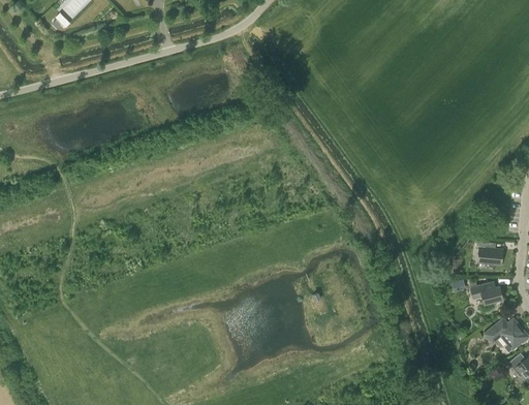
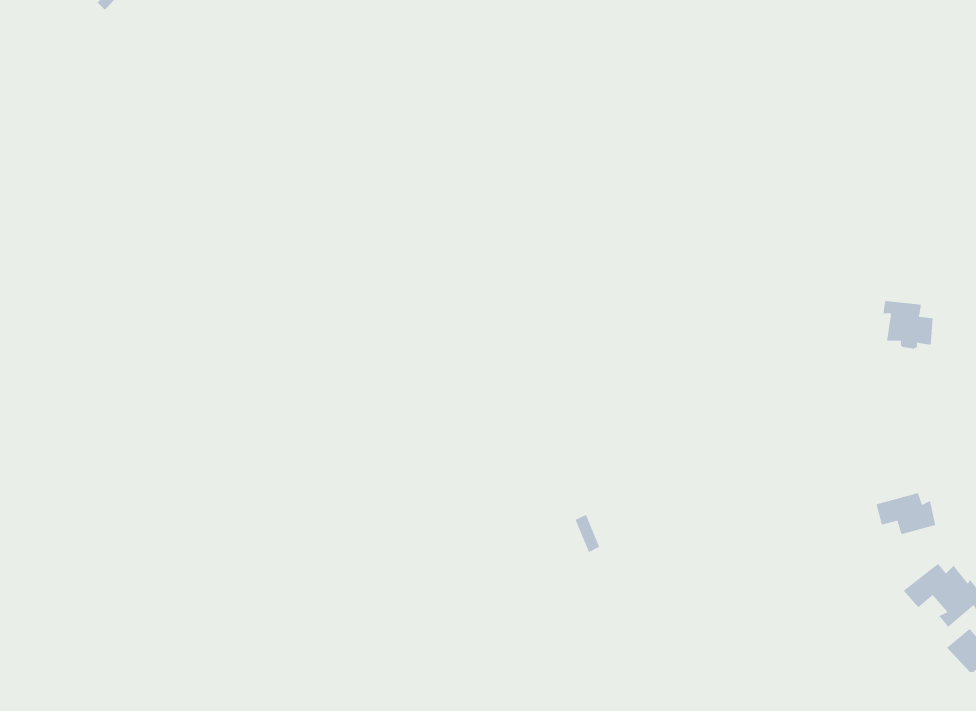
building: [475,241,502,267] -> [882,300,933,349]

